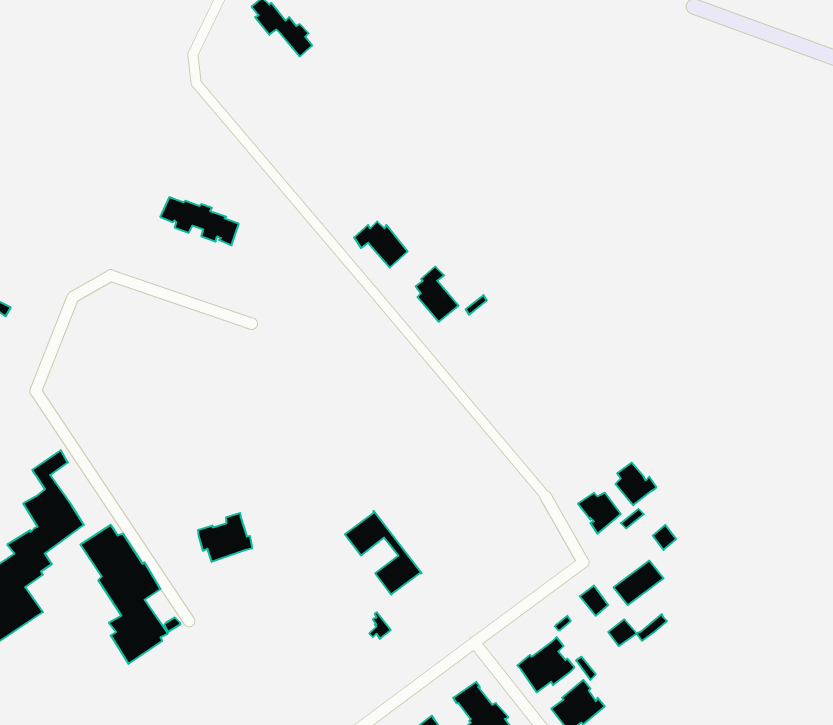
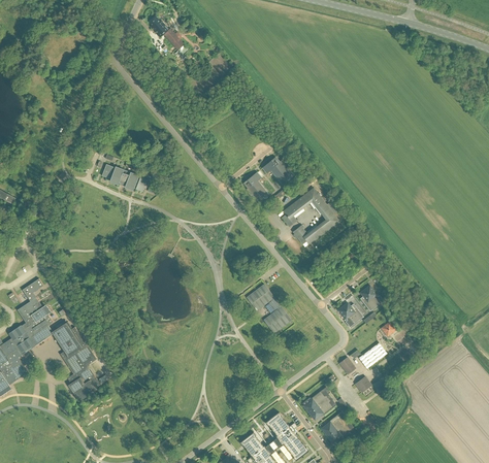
building: [160,197,239,245] -> [101,164,146,192]
building: [354,221,408,268] -> [262,158,293,185]
building: none -> [282,188,339,244]
building: [345,511,422,595] -> [248,284,292,332]
building: [198,513,252,562] -> none

